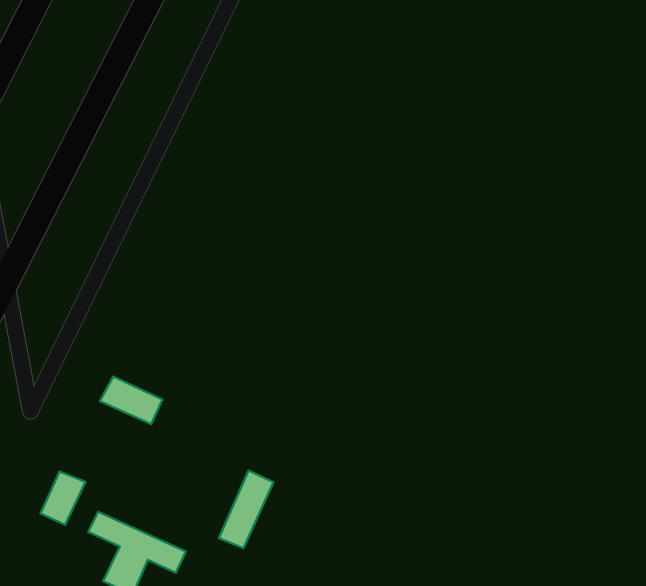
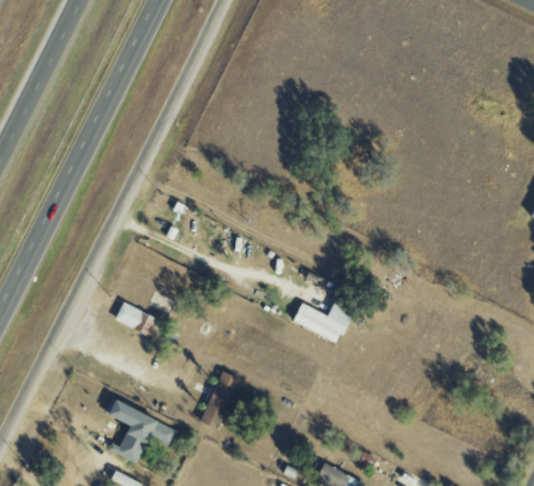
building: none -> [292,301,353,342]
building: [40,472,85,525] -> none

